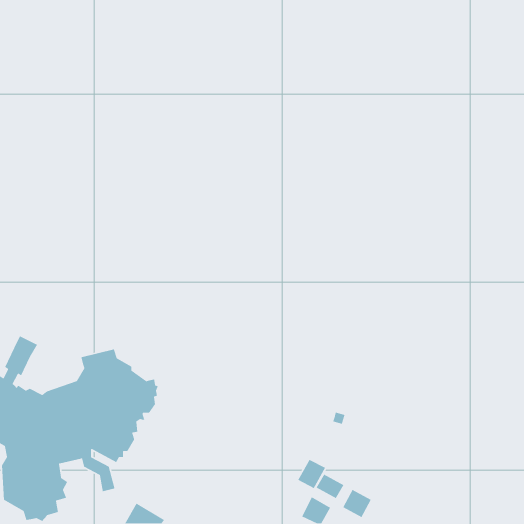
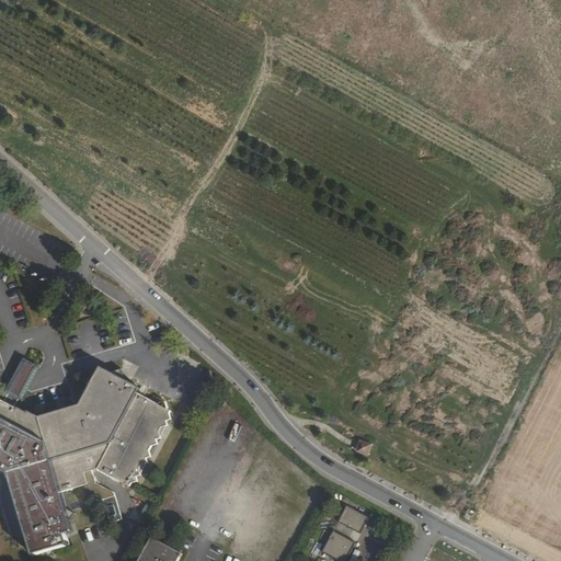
building: [297,459,326,489] -> none
building: [342,489,372,518] -> none

